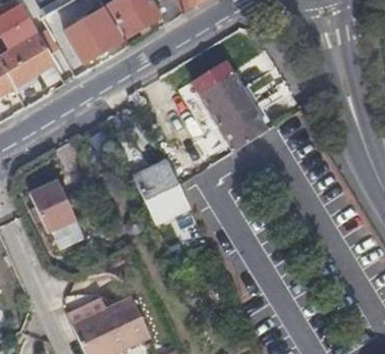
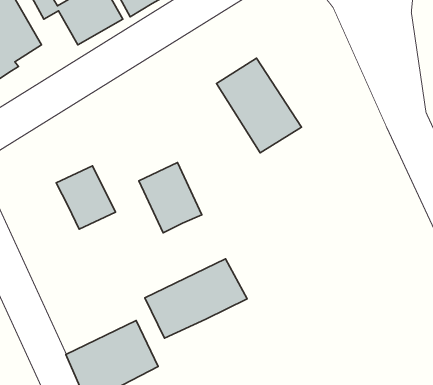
building: [26,179,76,232] -> [56,166,116,229]
building: none -> [145,259,247,338]

